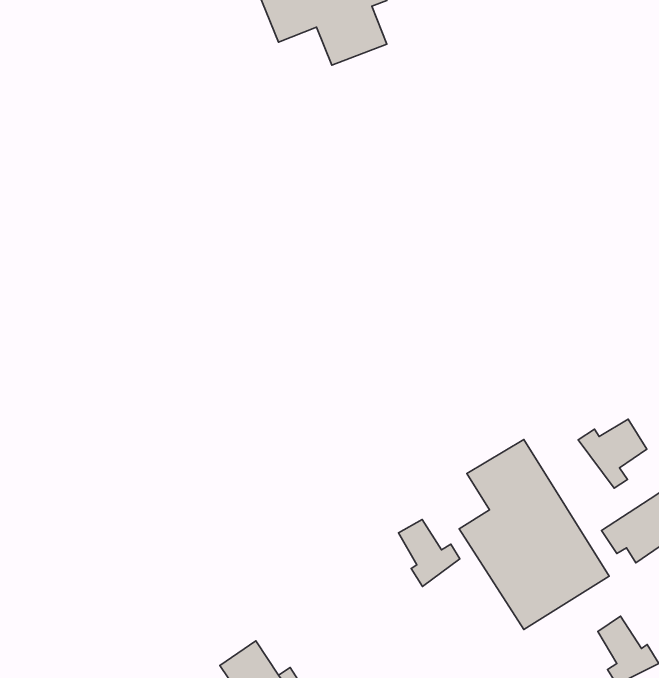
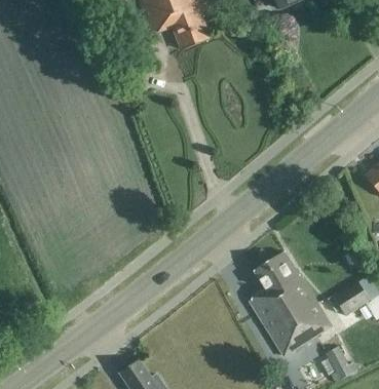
building: [578,419,647,488] -> none
building: [398,519,460,586] -> none

